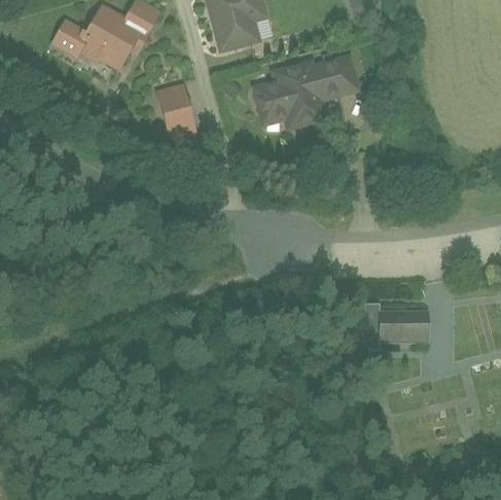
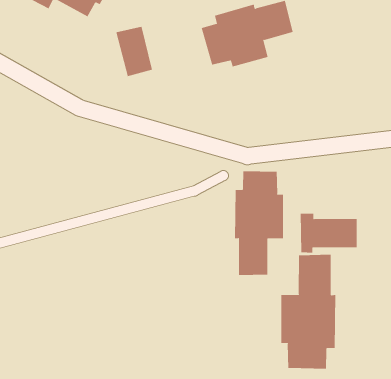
building: none -> [234,170,283,276]
building: none -> [281,254,336,369]

